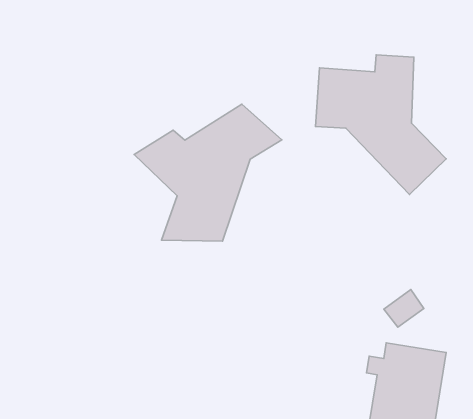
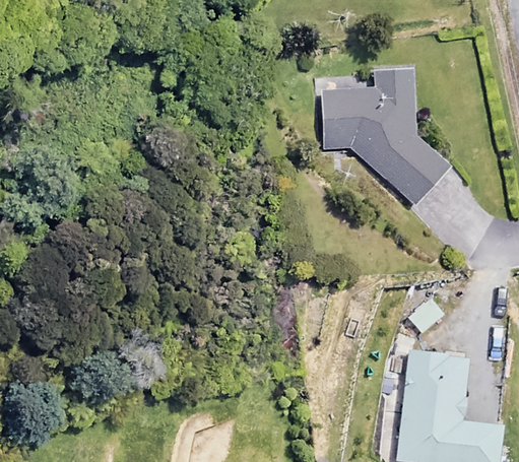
building: [134,104,282,241] -> none

